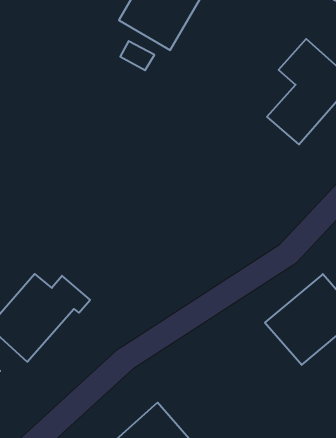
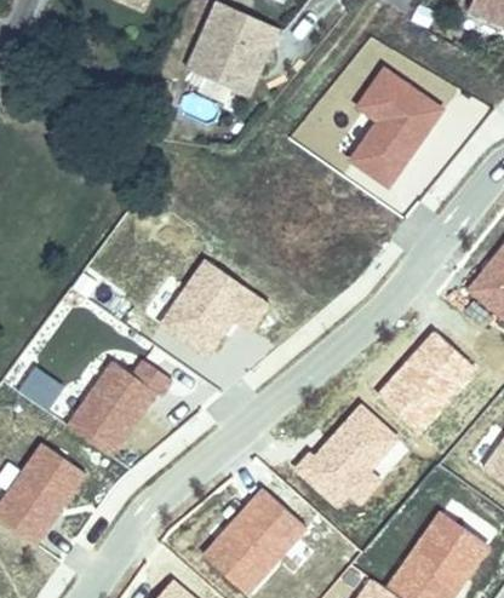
building: none -> [161,259,269,355]
building: none -> [292,397,411,505]

